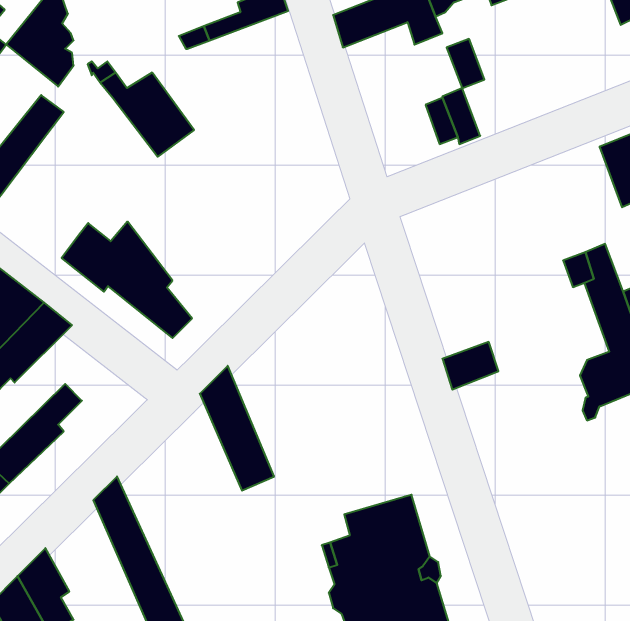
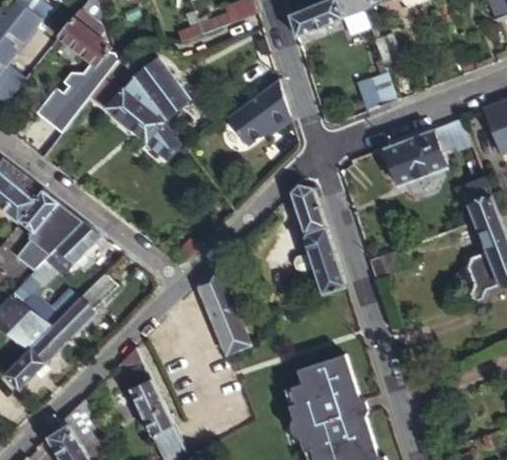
building: none -> [227,81,291,147]
building: none -> [380,117,471,188]
building: [62,222,192,338] -> [85,74,178,157]
building: none -> [290,178,345,298]

